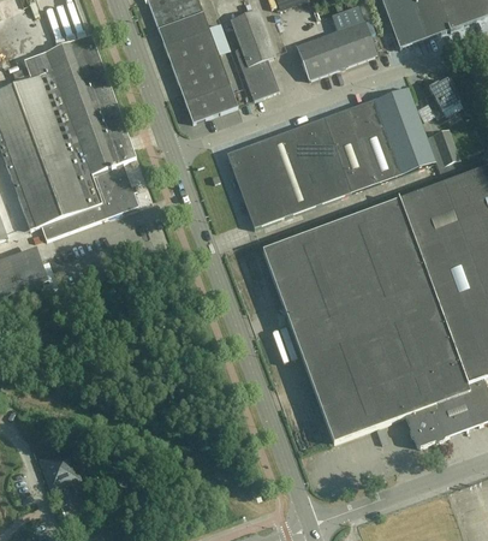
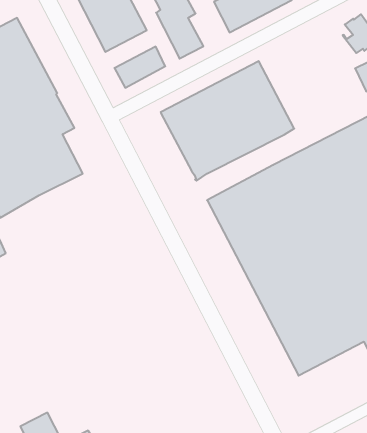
building: [178,65,231,100] -> none
building: [335,87,435,186] -> none

